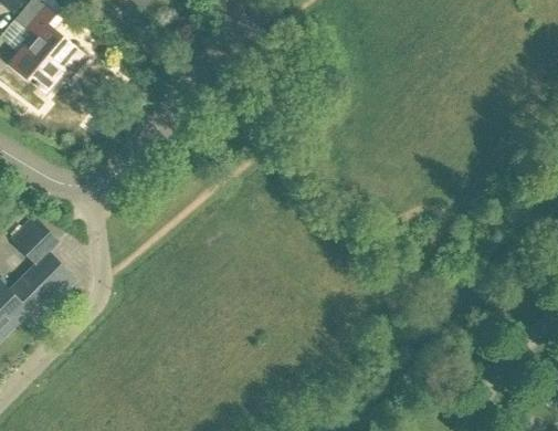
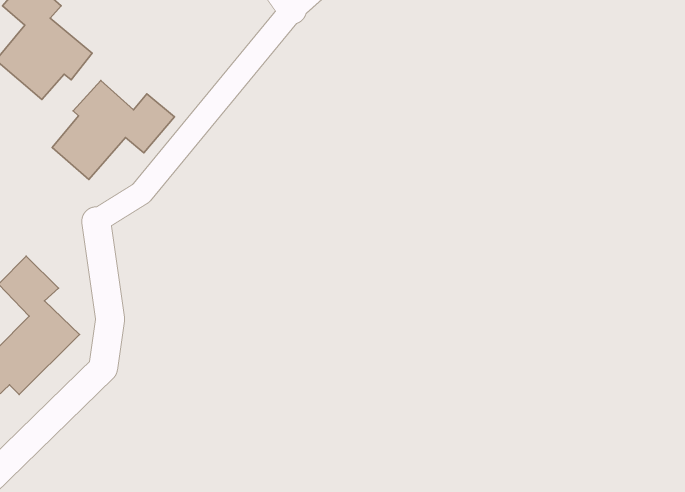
building: none -> [52,80,174,179]

